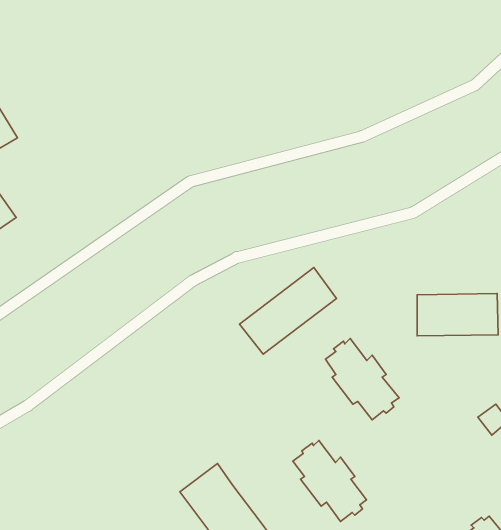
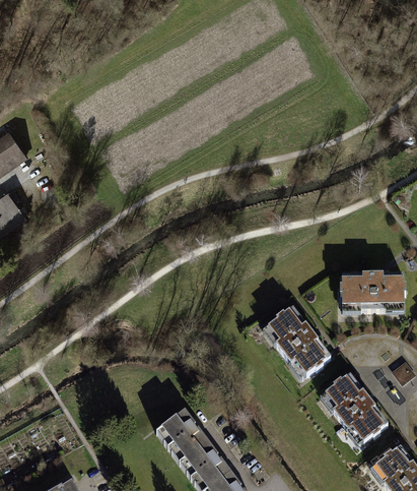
building: [239,267,336,354] -> none
building: [293,441,366,522] -> [326,377,384,441]

